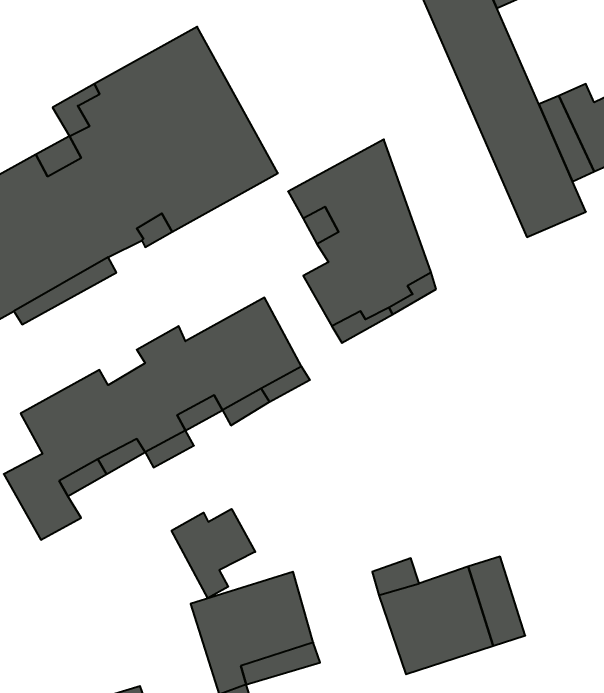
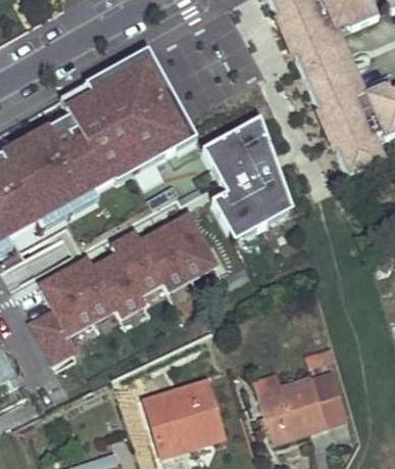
building: [172,509,255,598] -> none

